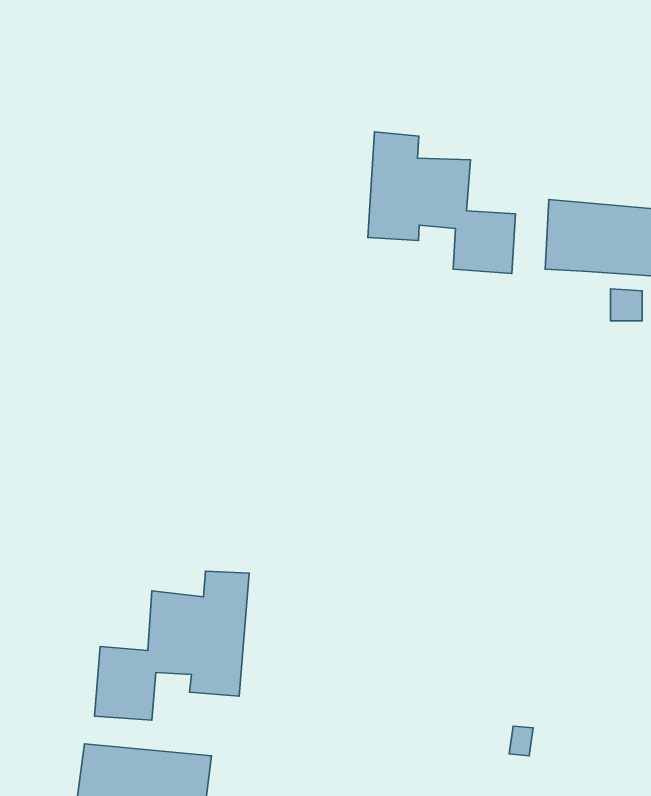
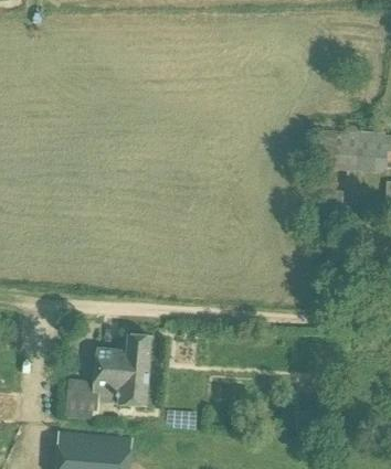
building: [368,132,515,274] -> none

